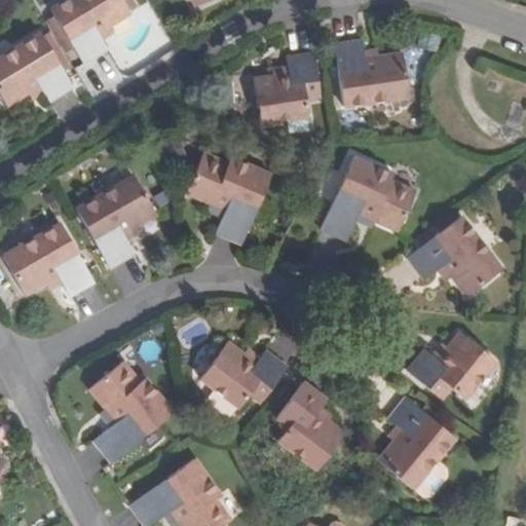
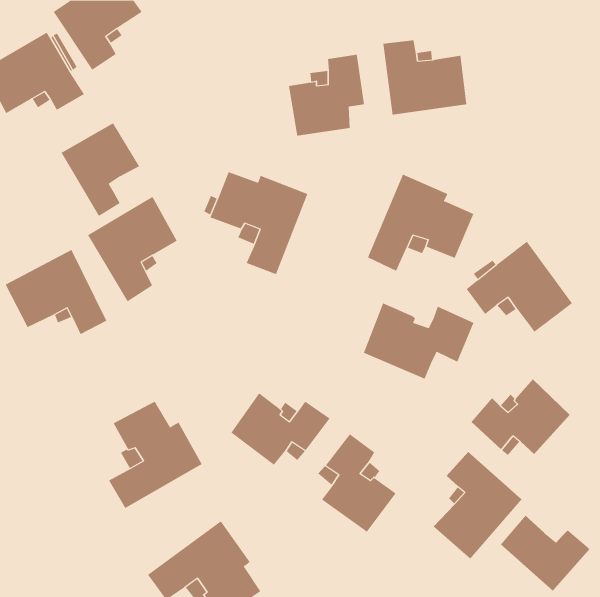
building: none -> [61,122,140,217]
building: none -> [363,302,474,379]
building: none -> [500,515,590,592]

